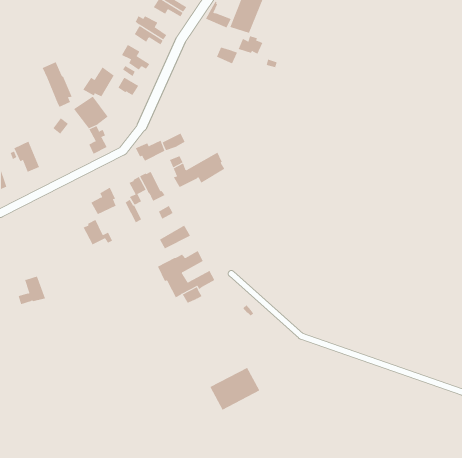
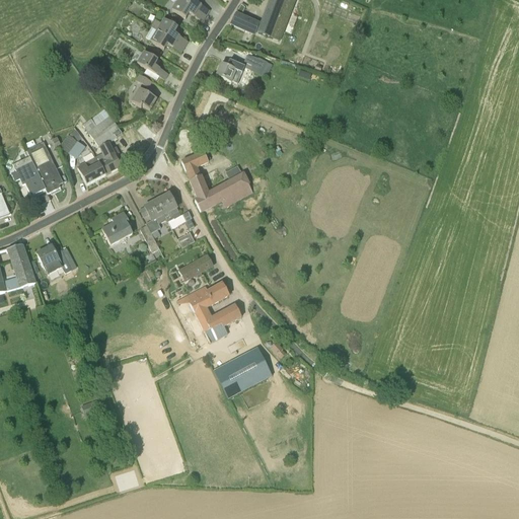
building: [238,35,263,54] -> [216,59,244,80]
building: [42,61,73,108] -> [27,140,62,192]
building: [82,66,114,97] -> none
building: none -> [77,156,104,183]
building: [135,140,165,161] -> none
building: [82,219,113,245] -> [36,243,71,273]
building: [18,276,46,305] -> [4,256,35,289]
building: [210,367,260,410] -> [214,347,271,395]

